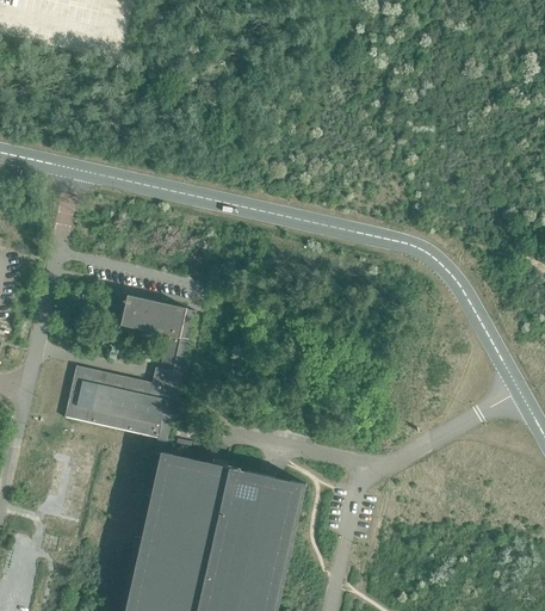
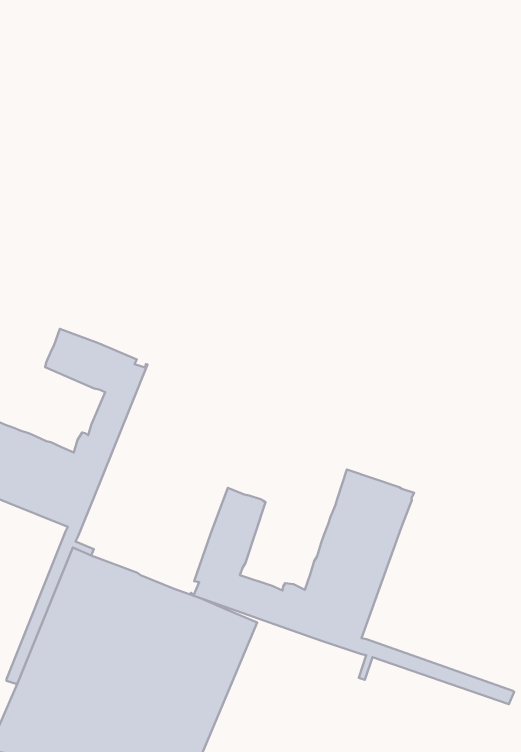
building: none -> [190,470,514,704]

